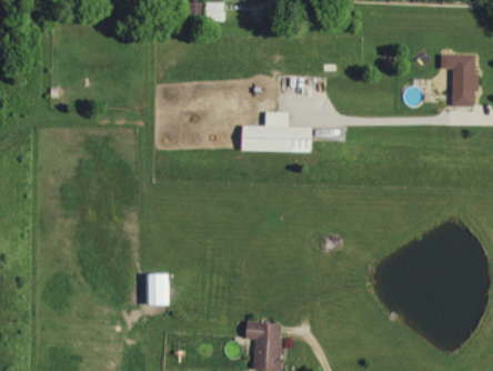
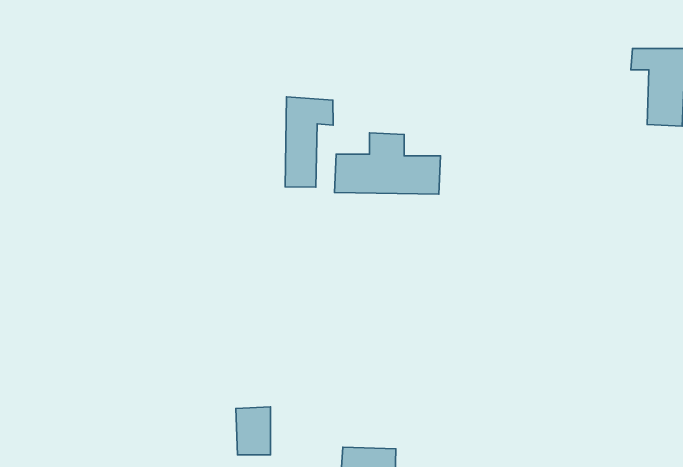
building: none -> [285,97,333,187]
building: [145,272,169,304] -> [236,407,271,455]

